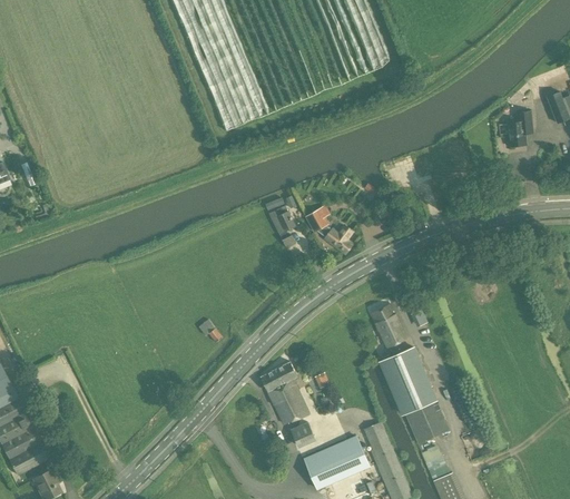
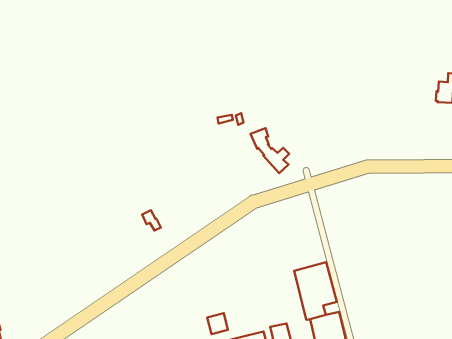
building: [268,206,295,248] -> none
building: [371,305,404,345] -> none
building: [259,362,308,424] -> none

